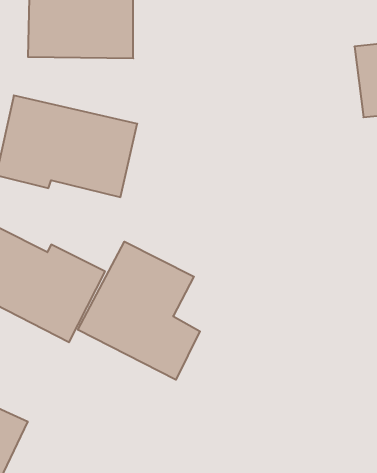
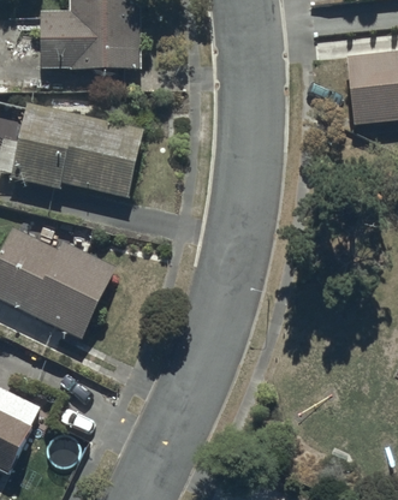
building: [78,242,200,380] -> none

